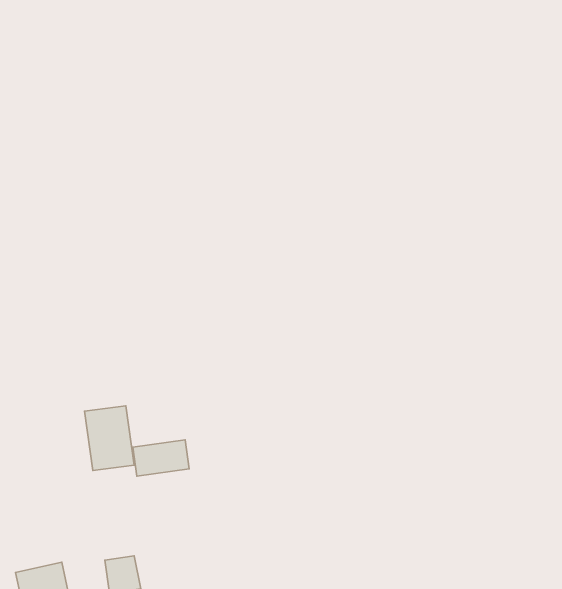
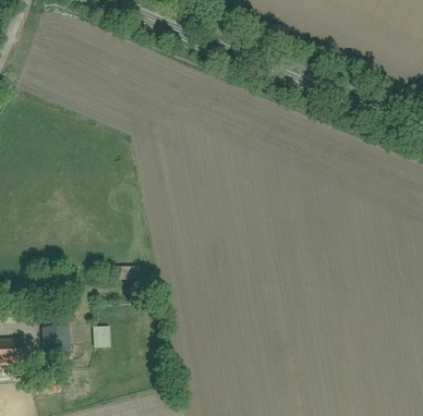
building: [84,406,134,470] -> none

